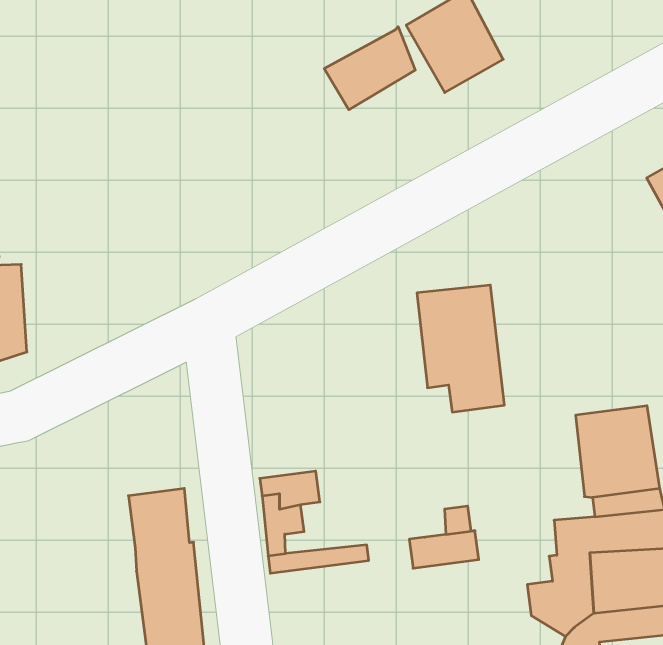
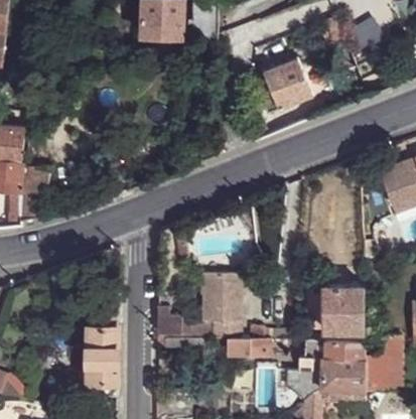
building: [324,27,415,110] -> none
building: [417,285,504,412] -> [201,273,241,336]

